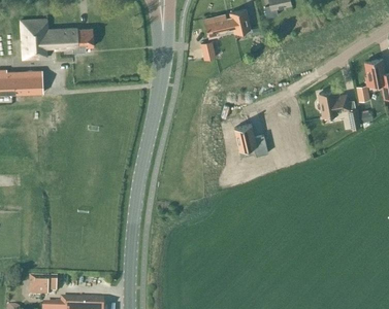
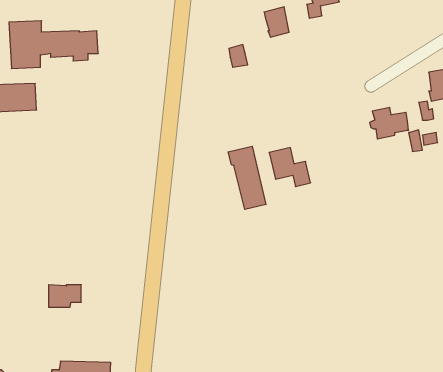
building: [203,12,233,36] -> none
building: none -> [228,146,266,209]
building: [29,276,56,295] -> [49,285,81,307]

